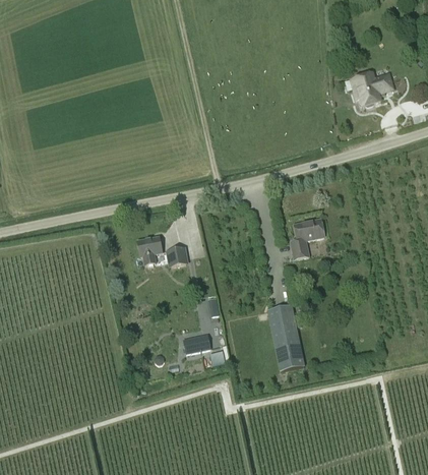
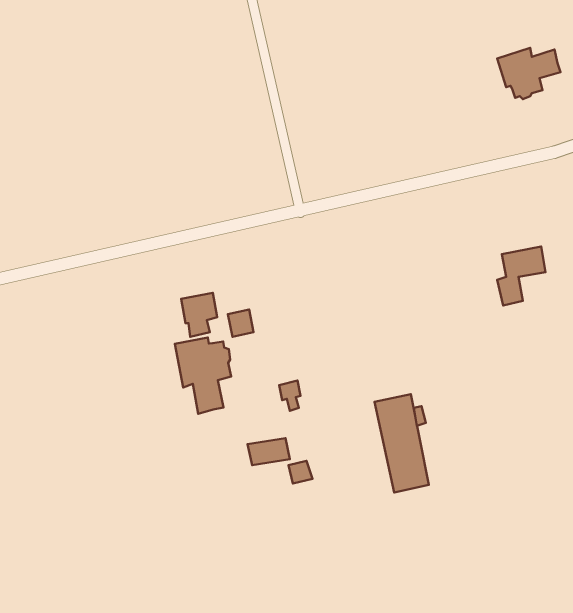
building: [291,220,323,259] -> [497,246,546,305]
building: none -> [175,337,231,414]

